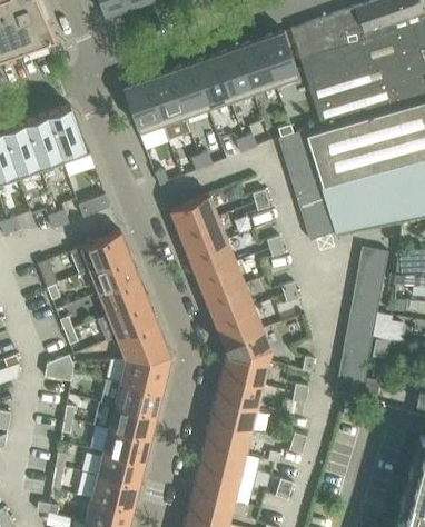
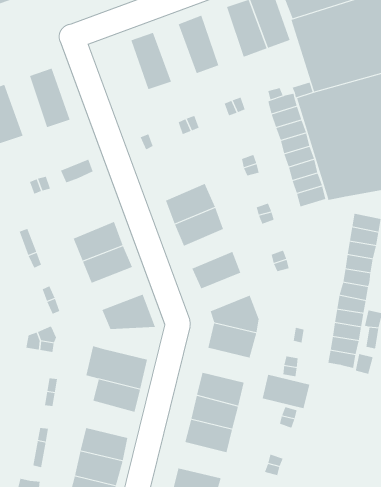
building: [215,48,255,105] -> none
building: [168,64,209,120] -> none
building: [122,80,162,137] -> none
building: [24,115,65,172] -> none
building: [169,195,218,235] -> none
building: [70,231,130,275] -> none
building: [197,262,245,300] -> none
building: [96,299,158,345] -> none
building: [214,305,261,341] -> none
building: [121,357,170,388] -> none
building: [215,377,261,410] -> [262,374,310,409]
building: [102,428,150,464] -> none
building: [191,468,239,503] -> none

